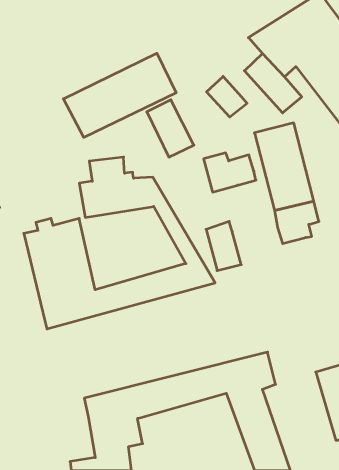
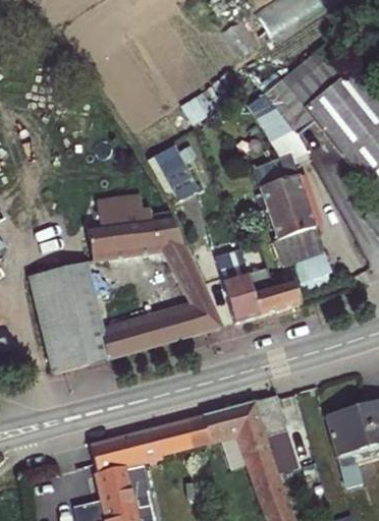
building: [63,53,176,137] -> none
building: [207,76,247,117] -> none
building: [204,153,256,192] -> [241,269,294,308]

